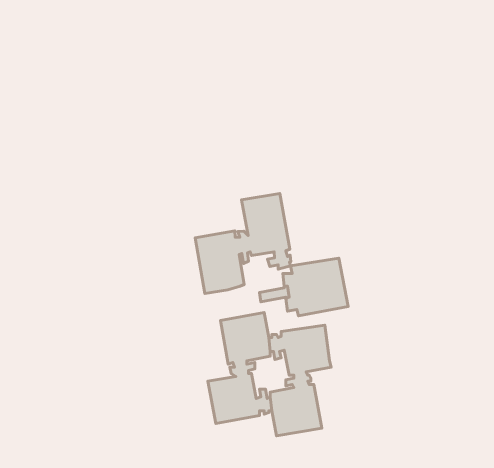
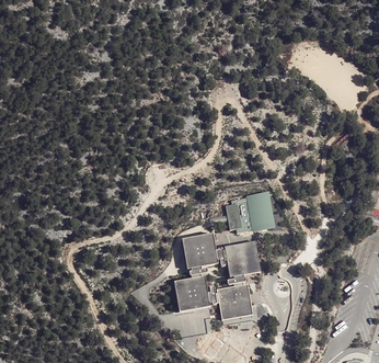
building: [195,193,291,294] -> none

